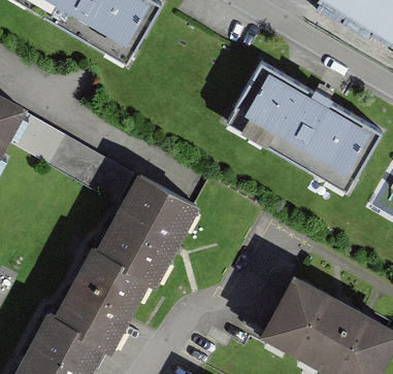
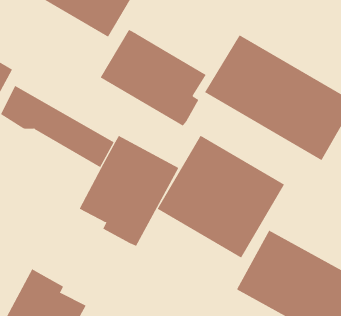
building: none -> [100,29,206,127]
building: none -> [157,135,285,258]
building: [56,244,150,351] -> none

